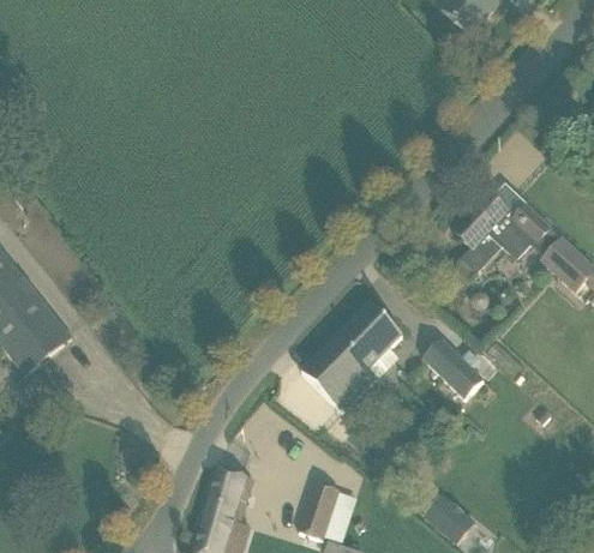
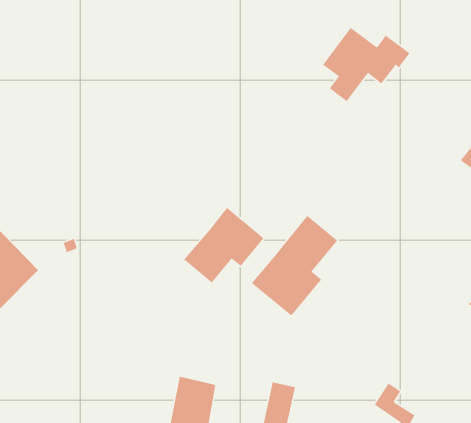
building: [455,192,552,274] -> [322,27,410,102]
building: none -> [183,207,264,284]
building: [424,338,485,398] -> none

